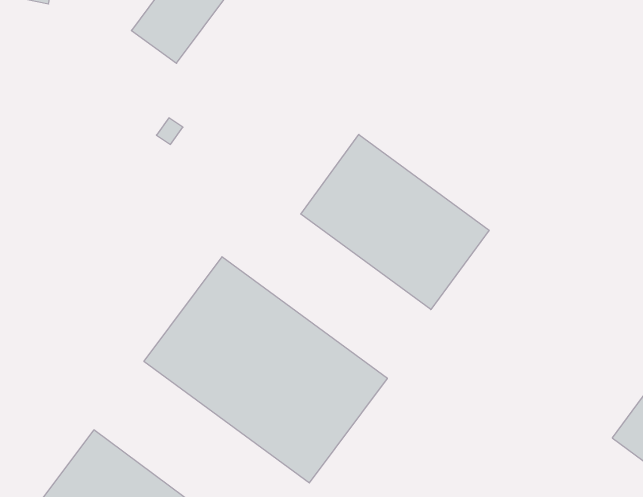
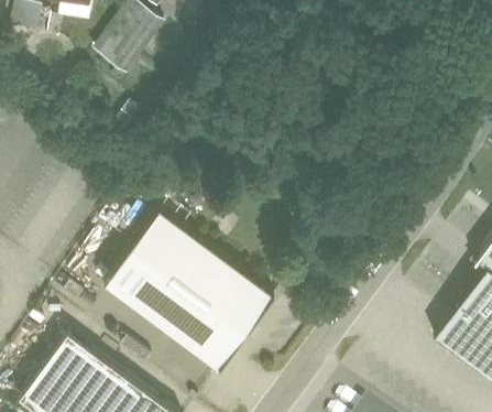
building: [301,134,489,310] -> none

